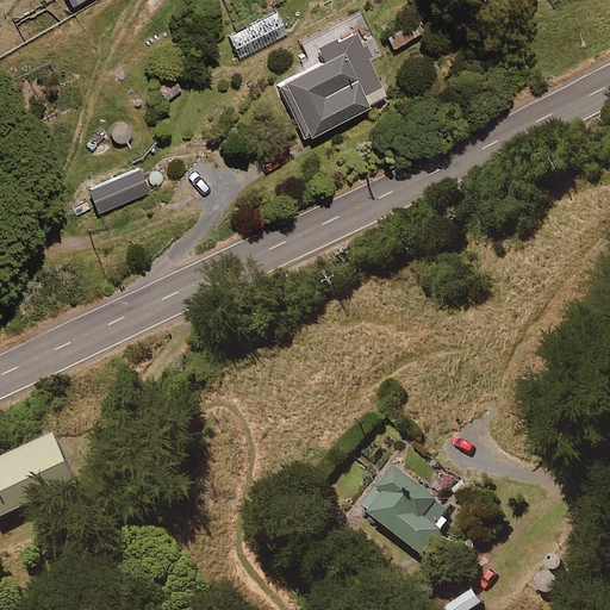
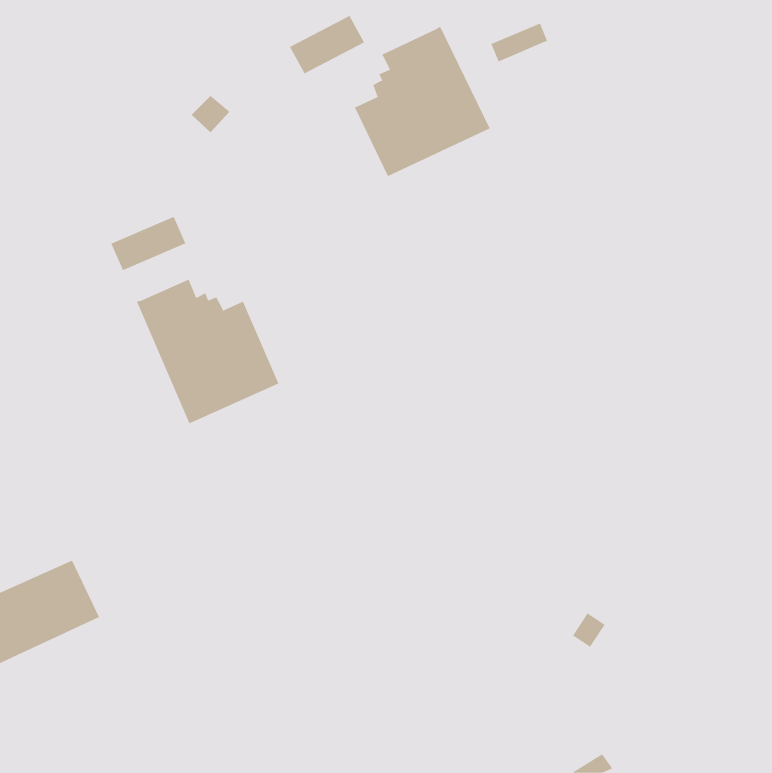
building: none -> [136,279,279,424]
building: [365,471,458,559] -> none

